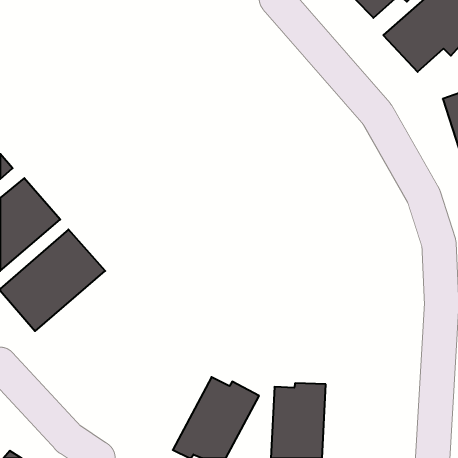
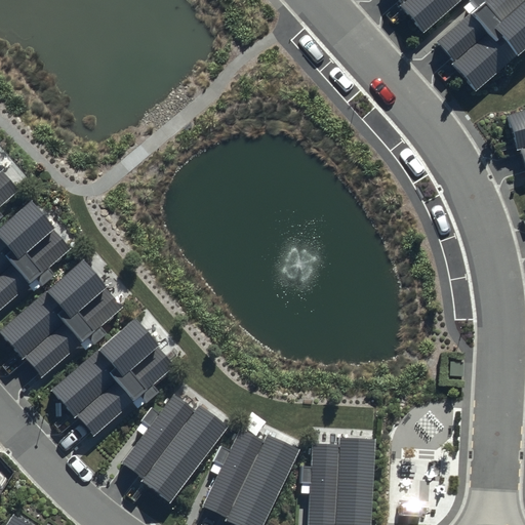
building: none -> [52,320,173,436]
building: none -> [119,395,228,500]

